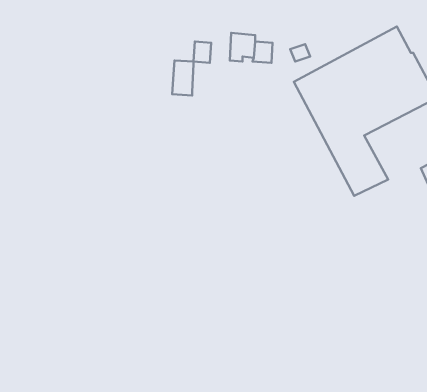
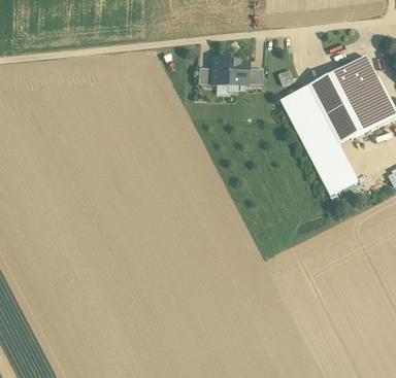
building: [172,60,193,95] -> [211,57,229,85]

